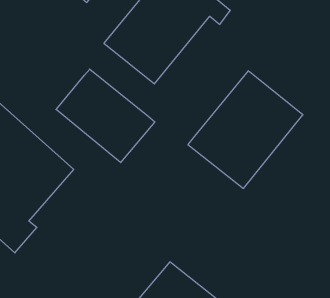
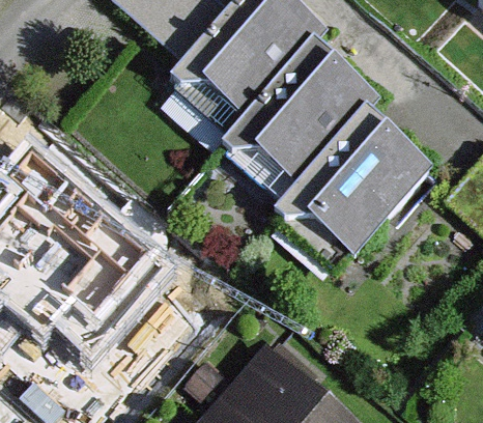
building: none -> [228,45,385,197]
building: [56,69,155,163] -> none

